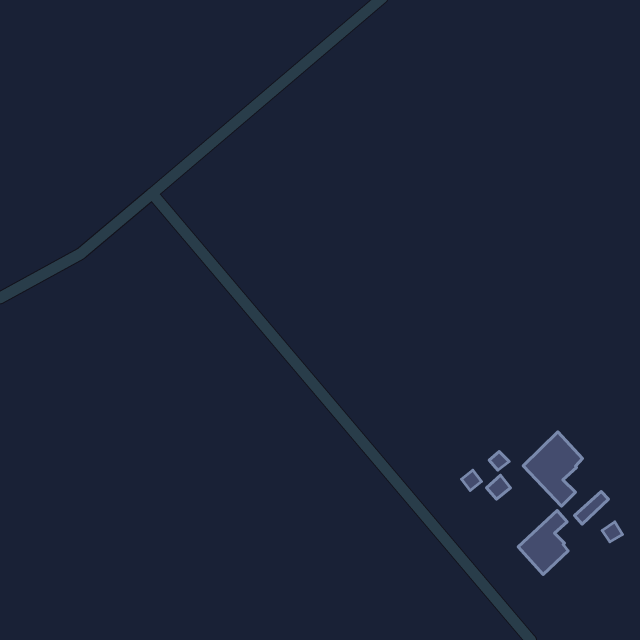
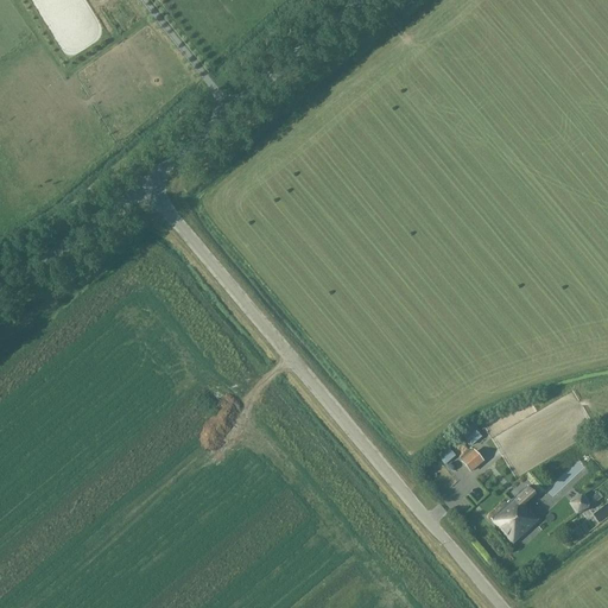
building: [523,432,582,506] -> none

